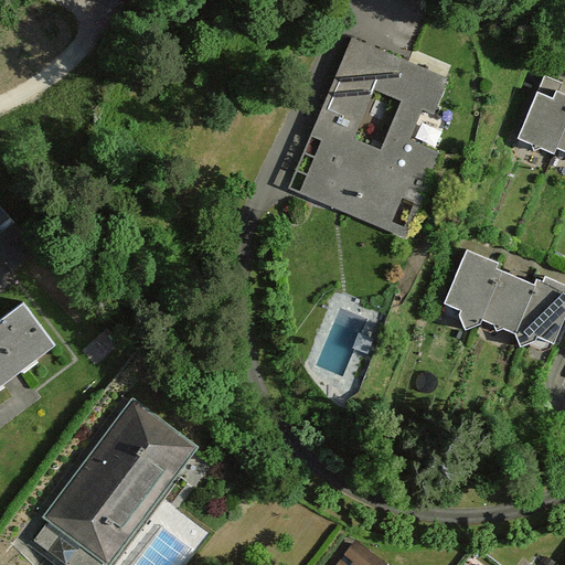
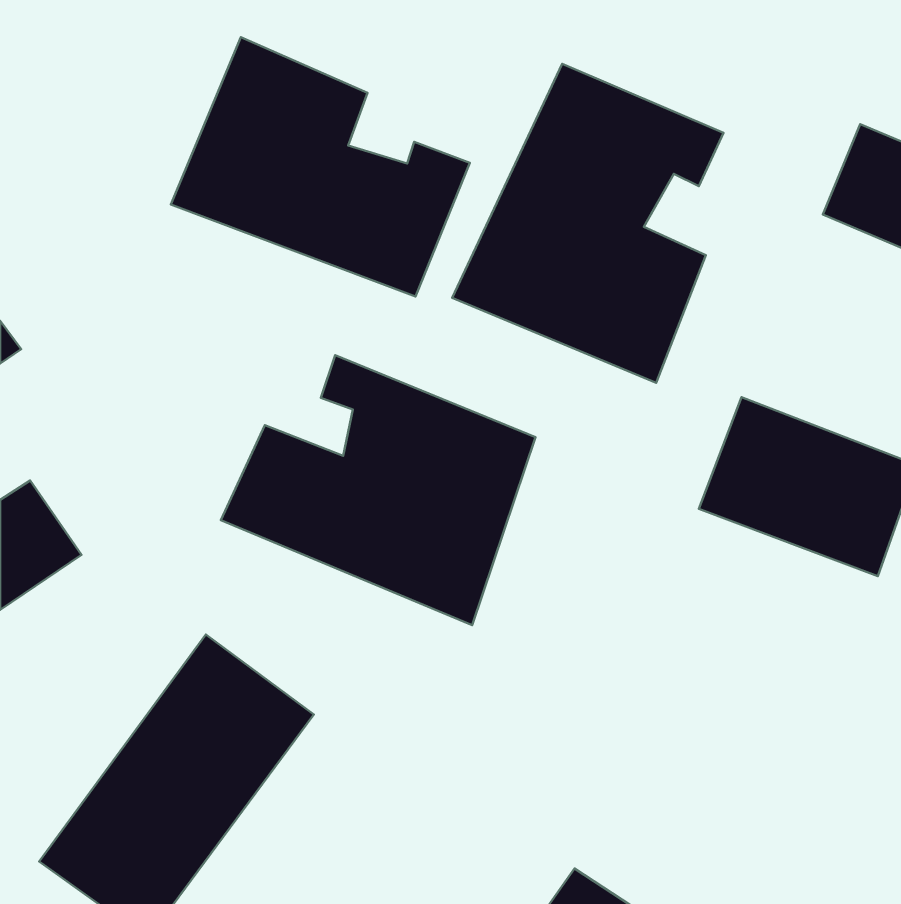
building: none -> [171,37,470,297]
building: none -> [221,355,536,625]

